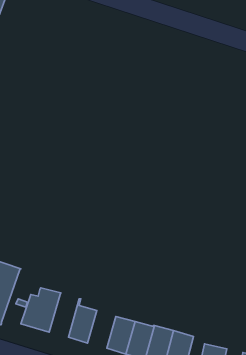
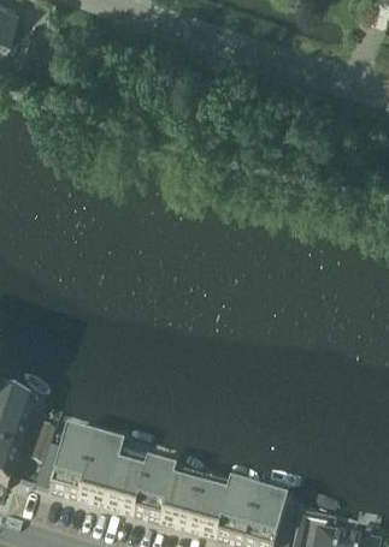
building: none -> [76,435,119,499]
building: none -> [131,460,172,515]

